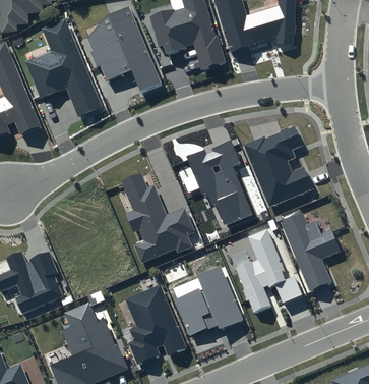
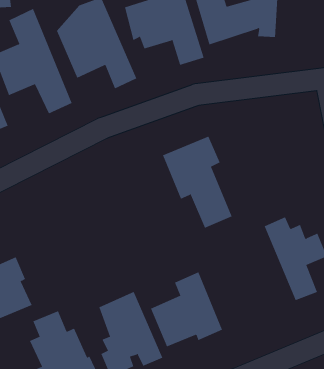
building: [243,123,313,207] -> none
building: [121,173,195,263] -> none
building: [236,228,301,313] -> none

